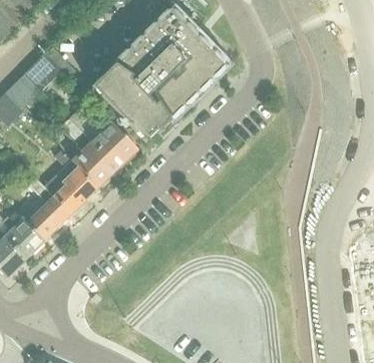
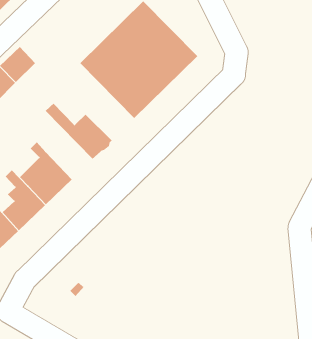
building: [90,71,160,142] -> none
building: [61,119,118,189] -> none

